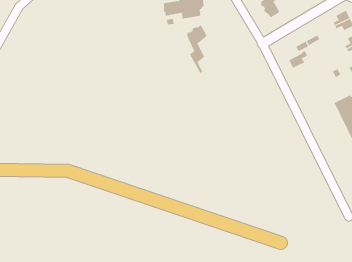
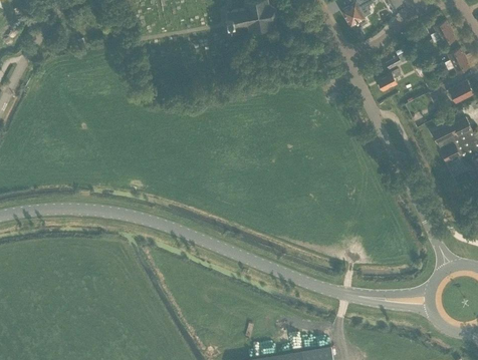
building: [186,24,207,74] -> none

